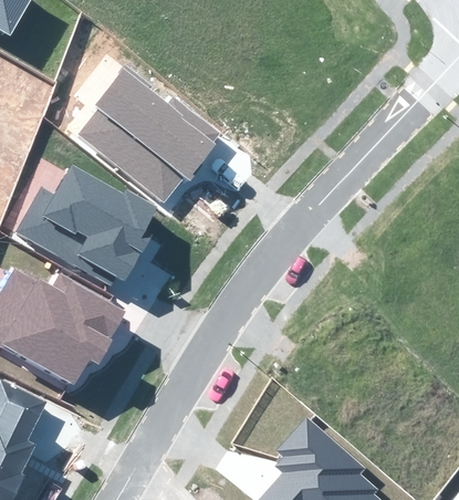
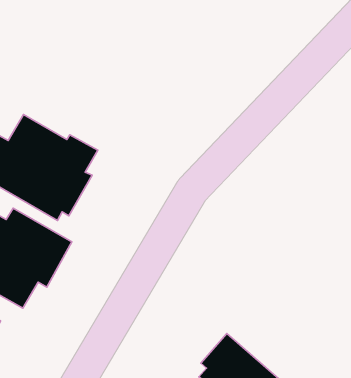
building: [75,65,219,204] -> none

